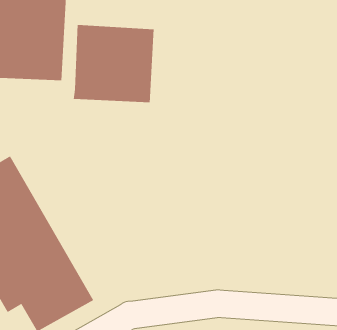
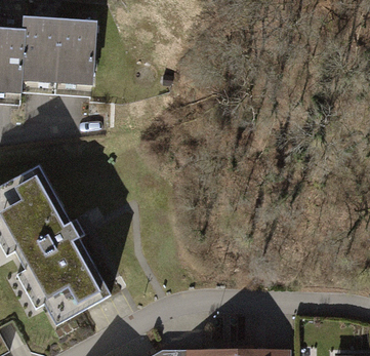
building: [73,24,154,103] -> none

